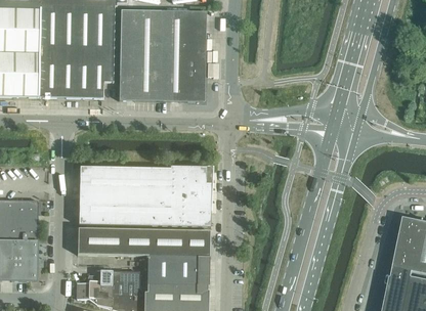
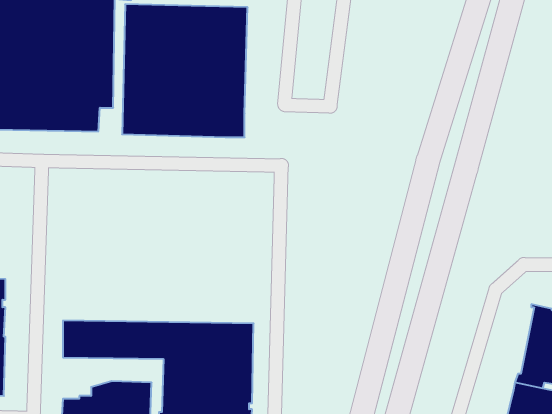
building: [79,167,210,226] -> none

